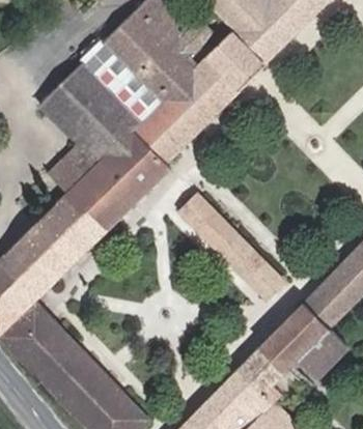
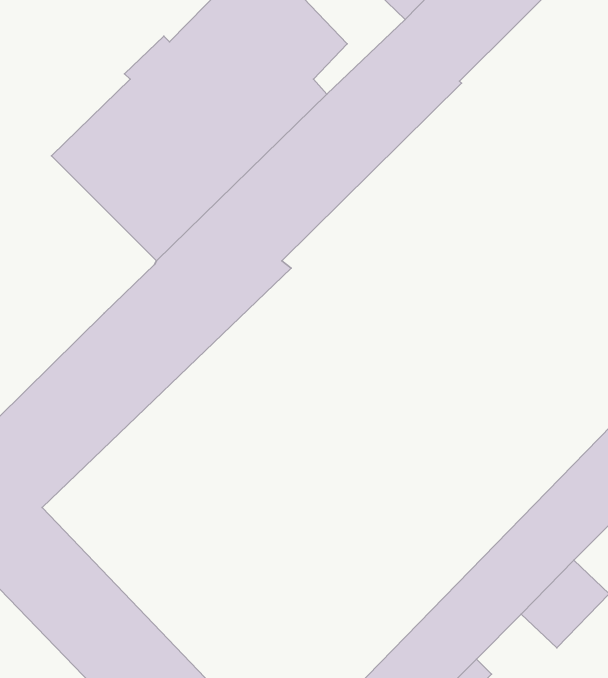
building: [49,145,96,192] -> none
building: [183,195,283,298] -> none

